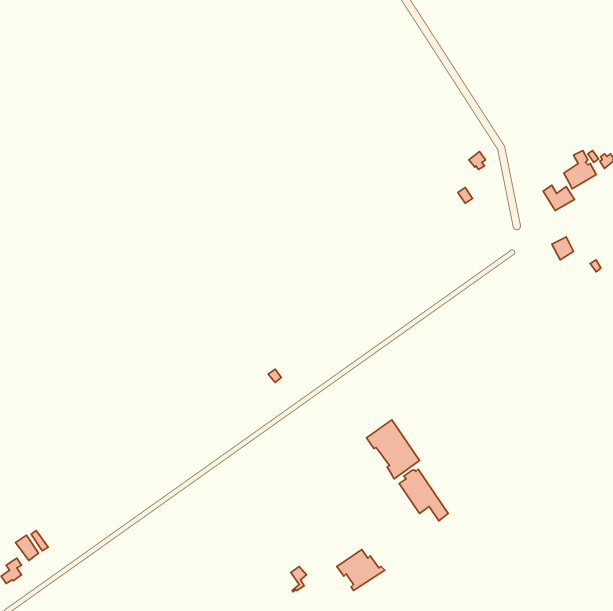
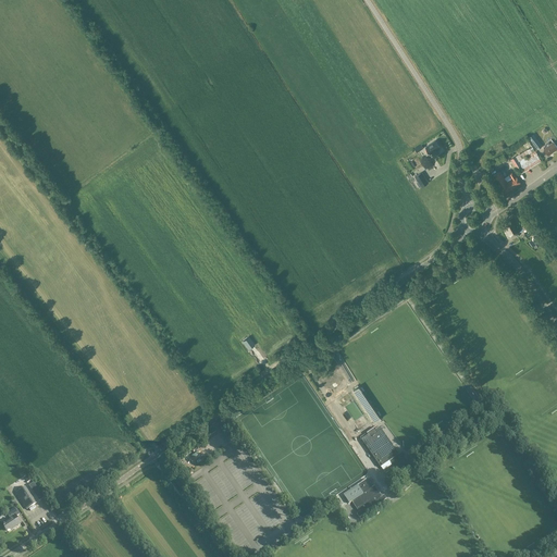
building: [337,550,385,591] -> [343,478,386,515]

